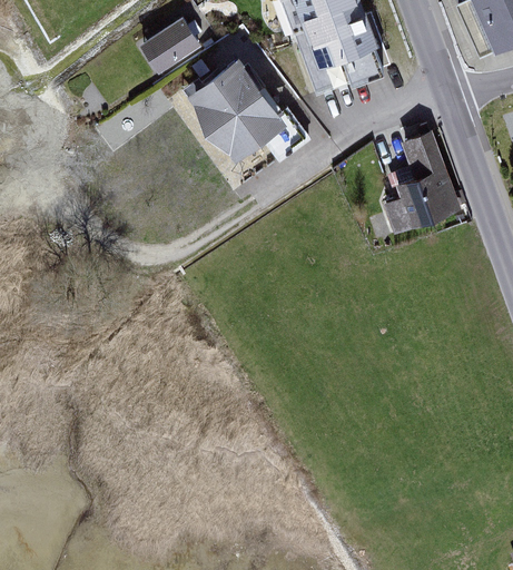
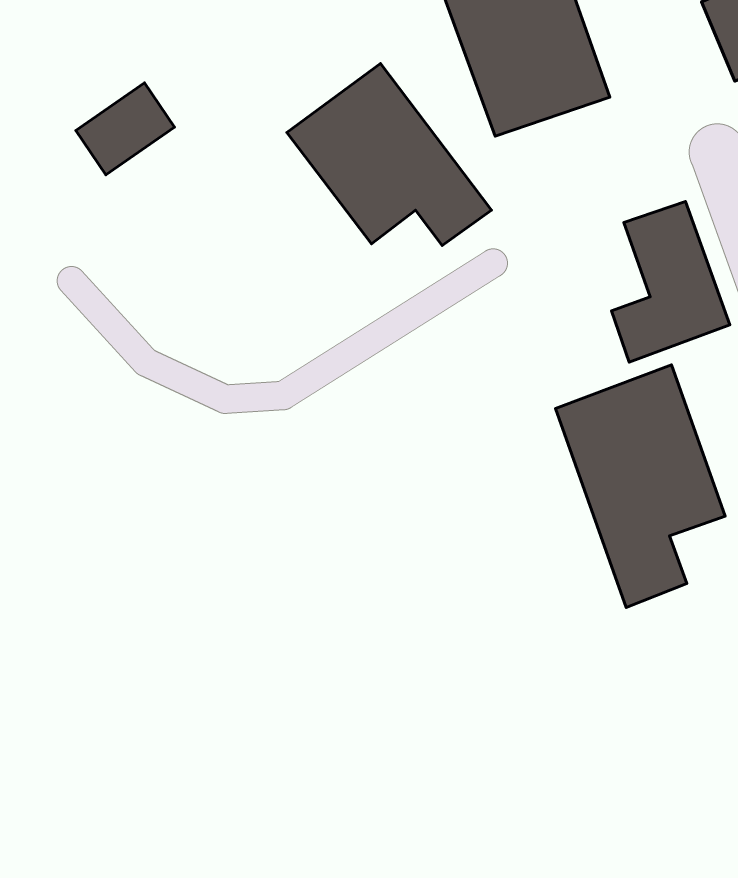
building: [139,14,201,72] -> [76,83,175,175]
building: none -> [555,365,725,607]

